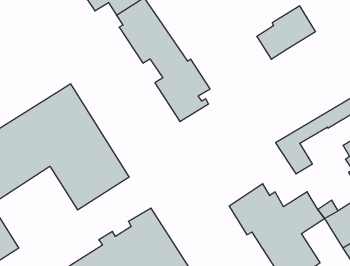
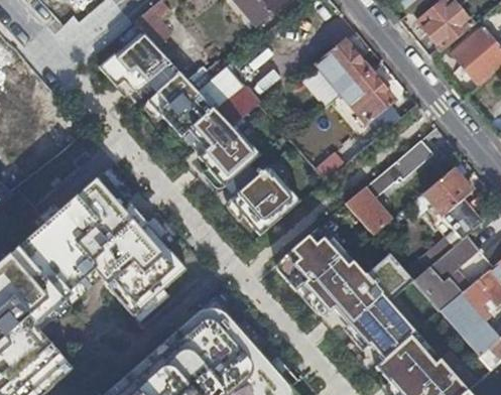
building: none -> [198,65,259,126]
building: none -> [343,70,396,135]
building: none -> [231,163,302,234]
building: none -> [278,227,339,289]

